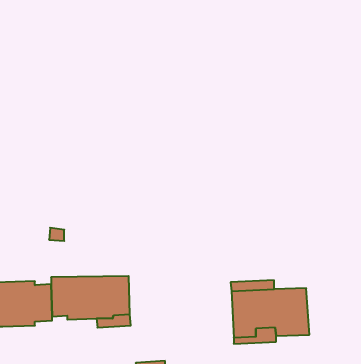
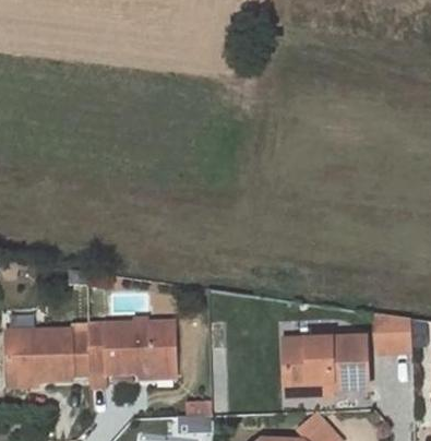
building: none -> [378,313,414,353]

